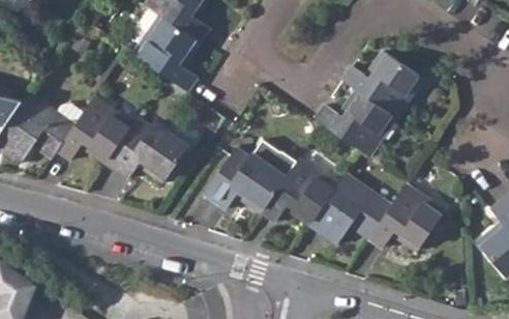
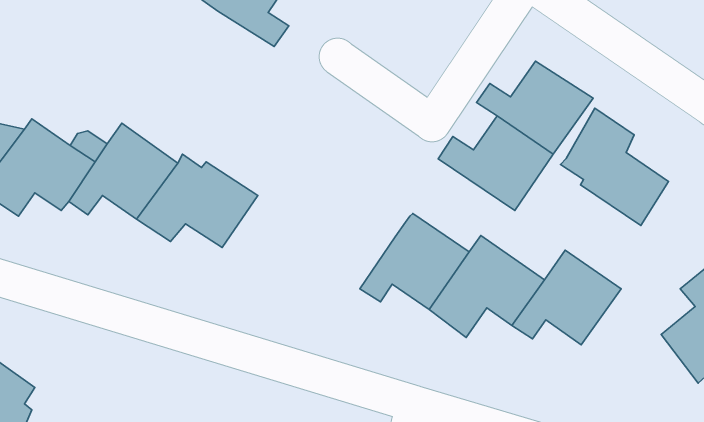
building: [136,18,202,92] -> none
building: none -> [561,108,669,225]
building: [205,140,297,212] -> none

